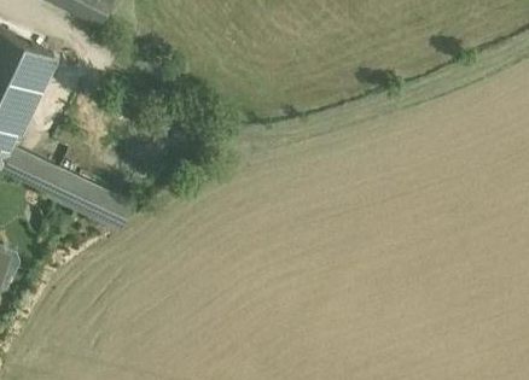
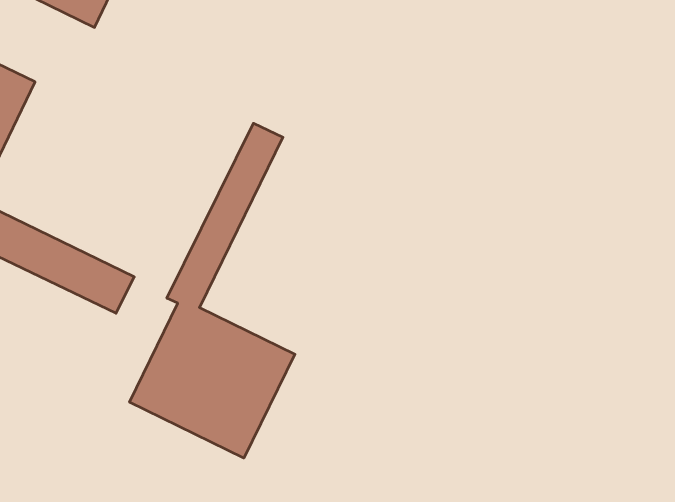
building: none -> [130,123,295,458]

